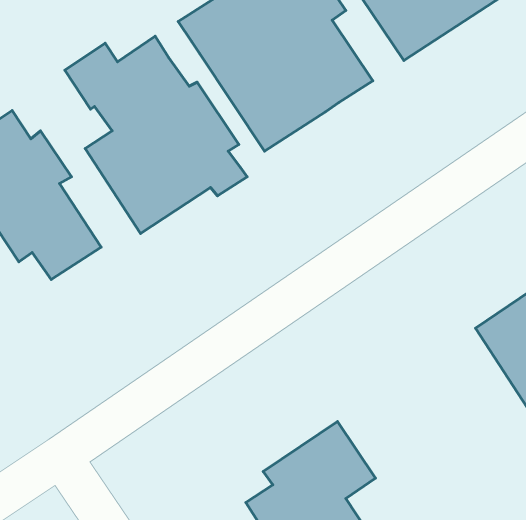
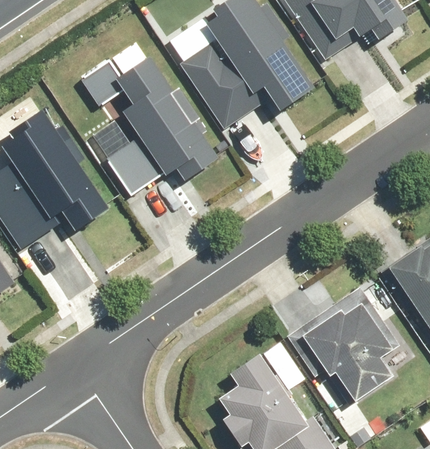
building: none -> [298,293,399,406]

